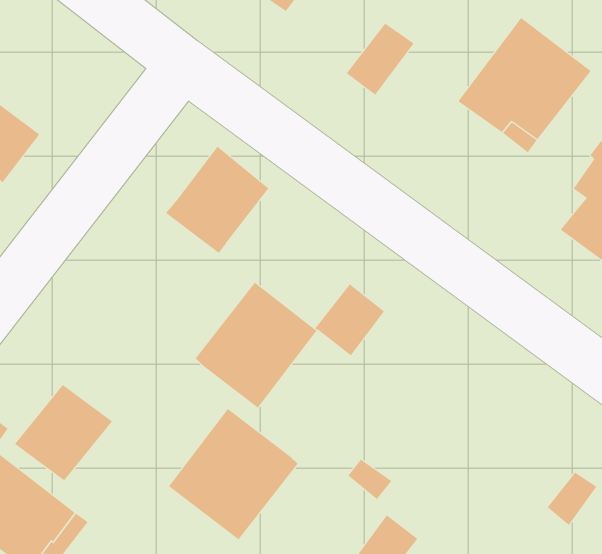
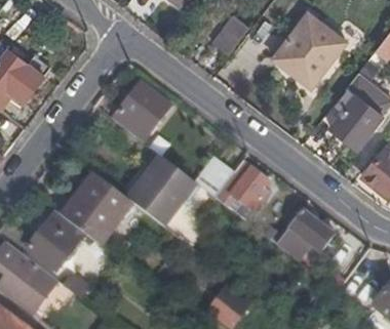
building: none -> [215,165,268,214]
building: none -> [275,211,345,261]
building: [168,408,298,540] -> [61,173,132,246]

